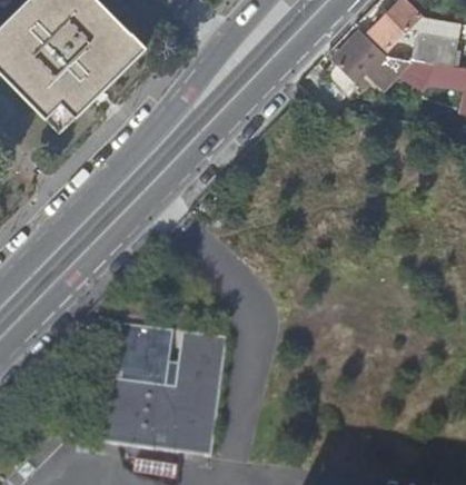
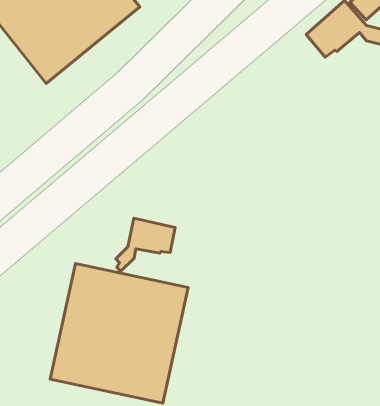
building: none -> [116,218,175,271]

